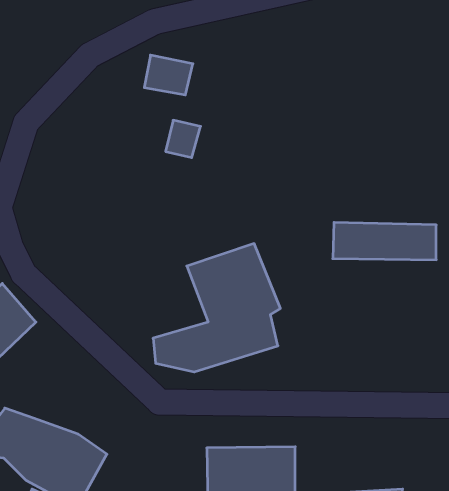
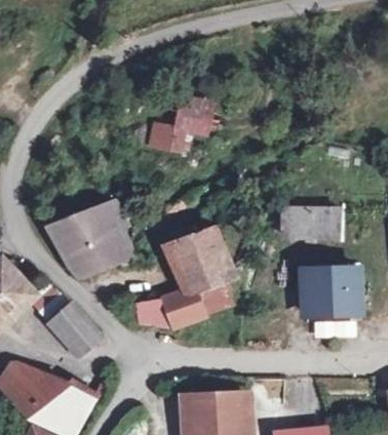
building: [144,55,193,95] -> [176,96,216,129]
building: none -> [48,198,134,277]
building: none -> [298,266,361,319]
building: none -> [47,306,94,354]

